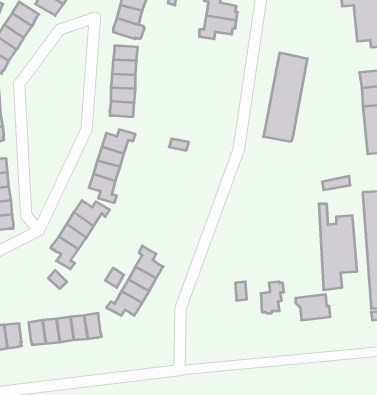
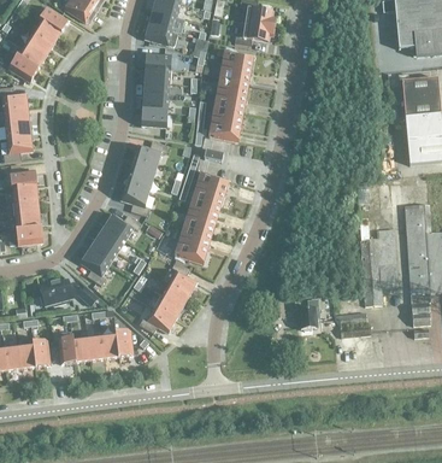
building: [263,53,308,141] -> [207,48,253,140]
building: none -> [173,170,228,263]
building: none -> [39,277,72,304]

